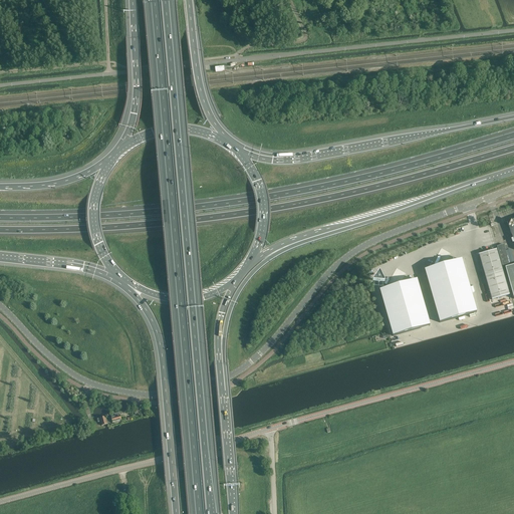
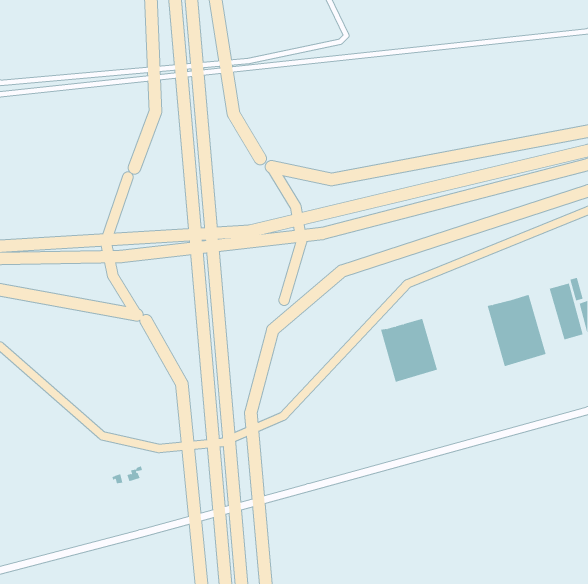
building: [379,277,430,333] -> [380,318,438,383]

